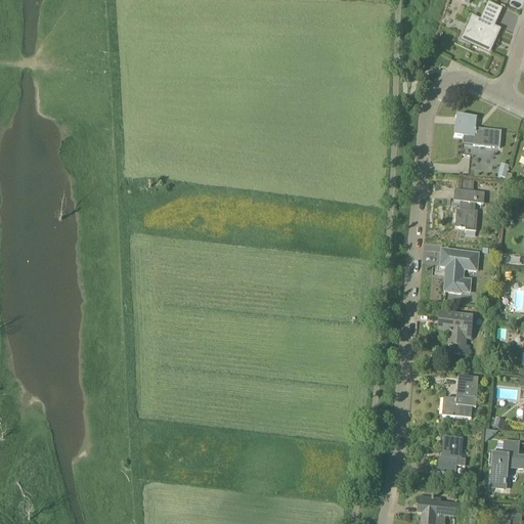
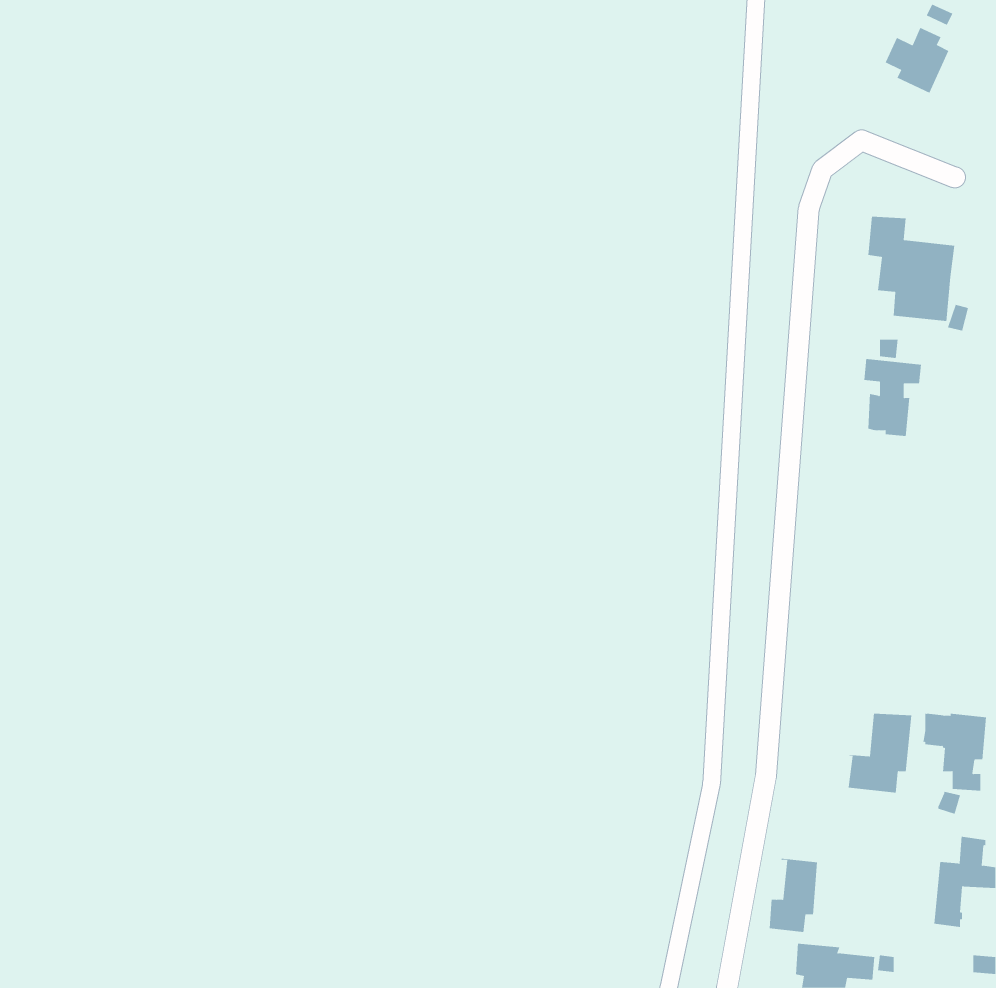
building: [443,250,481,293] -> none
building: [438,312,472,353] -> [923,713,987,791]
building: [437,434,463,473] -> [769,858,818,932]

